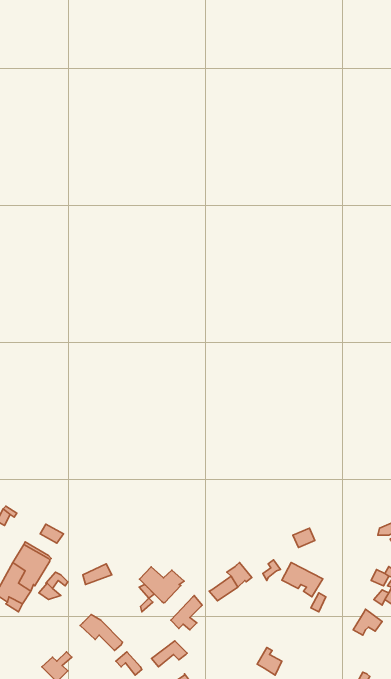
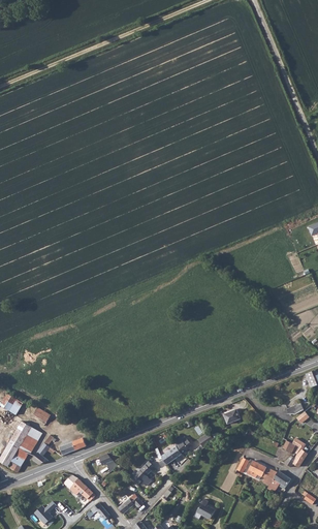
building: [282,562,323,597] -> [246,460,277,486]
building: [139,567,184,603] -> none

